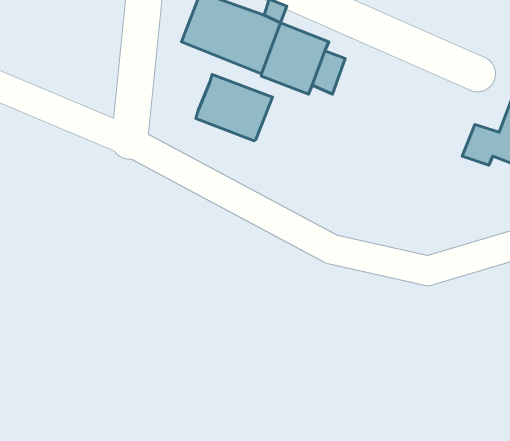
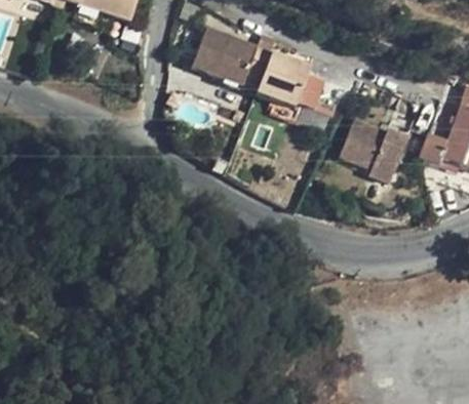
building: [196,74,273,141] -> none
building: none -> [340,119,408,184]

